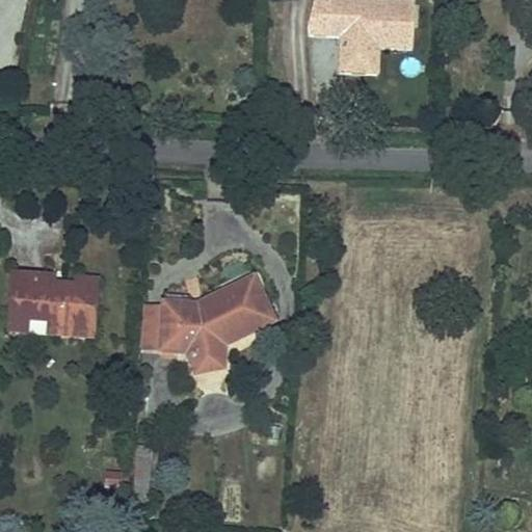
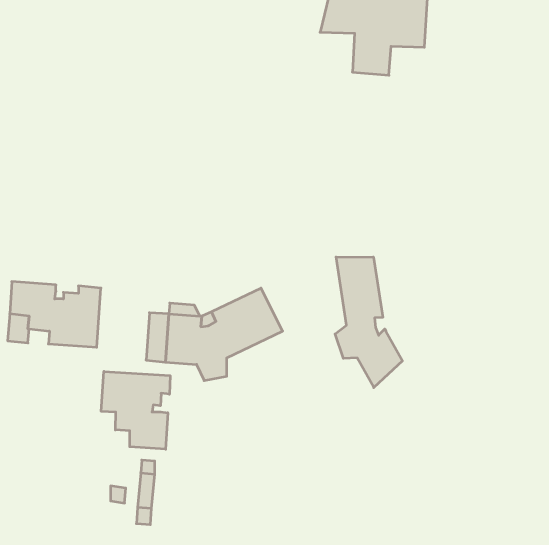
building: none -> [335,257,402,388]
building: none -> [101,371,170,449]

